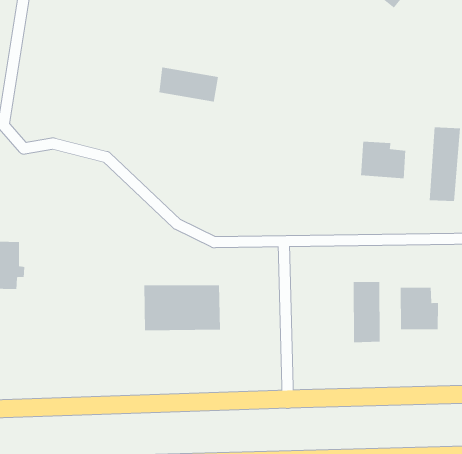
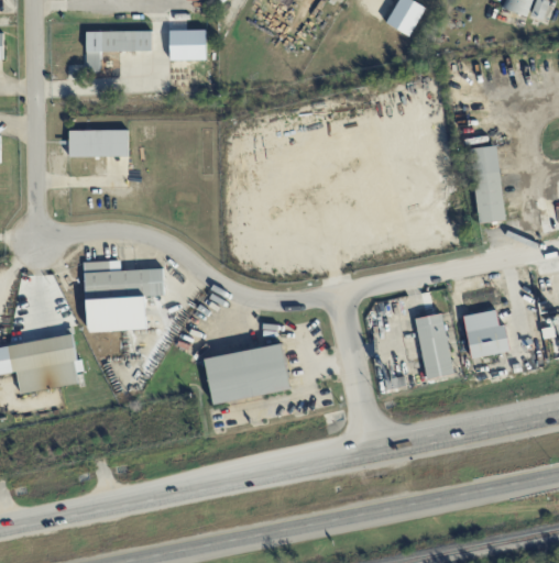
building: [158,67,219,102] -> [68,130,128,156]
building: [361,141,406,179] -> none
building: none -> [85,261,164,332]

